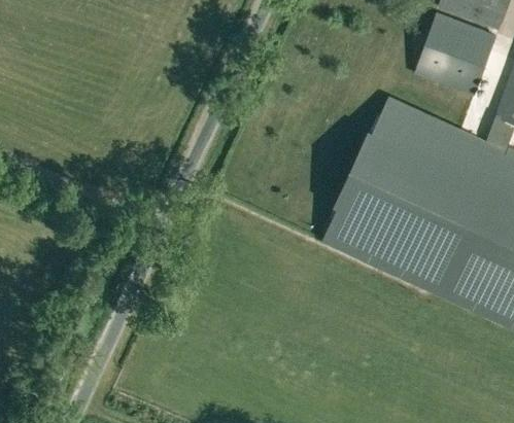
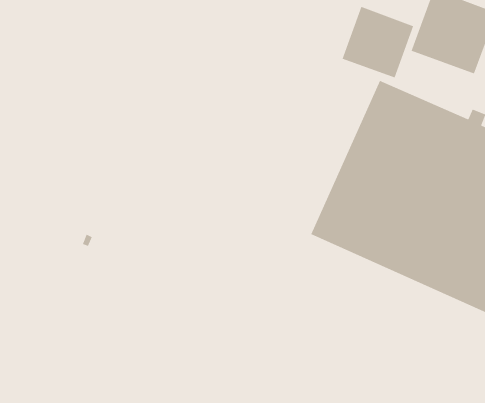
building: none -> [341,6,414,78]

